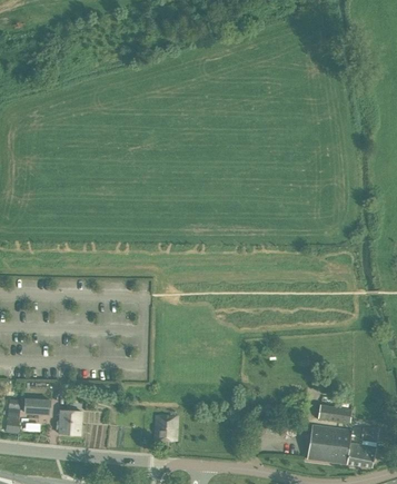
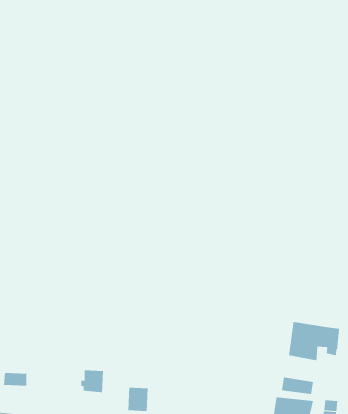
building: none -> [289,321,340,361]
building: [57,409,81,434] -> [81,370,104,393]

